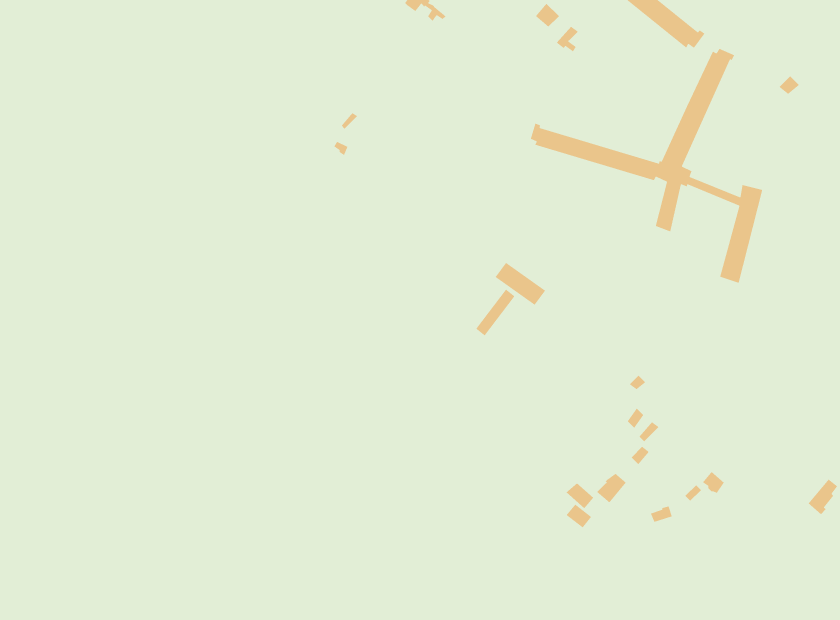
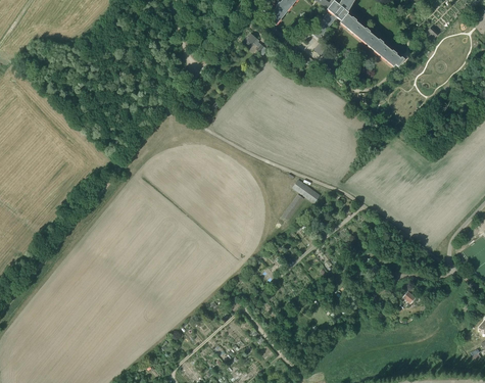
building: [530,48,763,284] -> none

